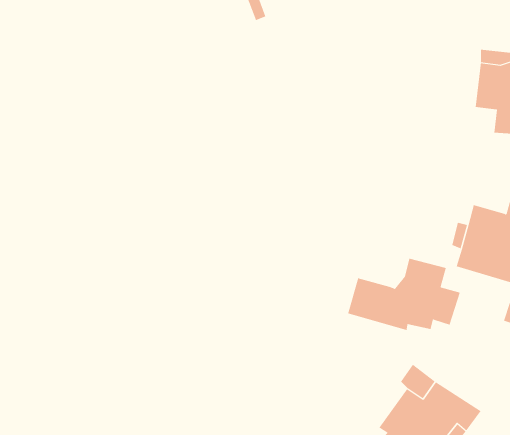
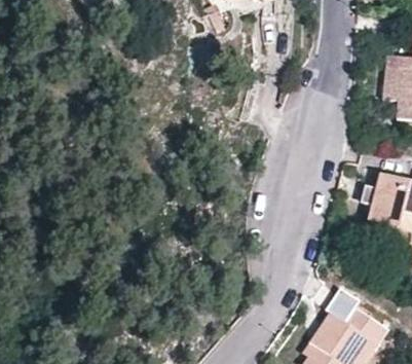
building: [348,258,460,331] -> none

